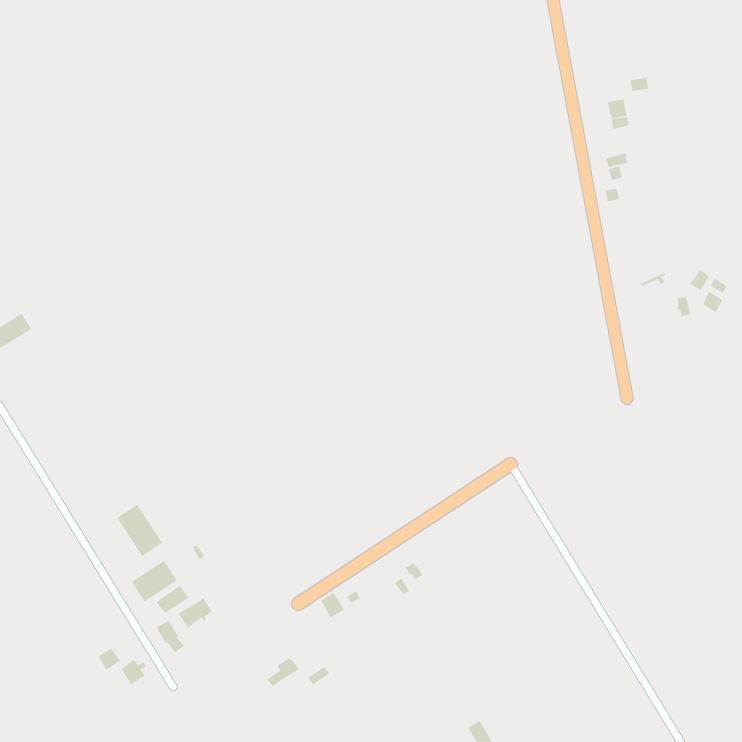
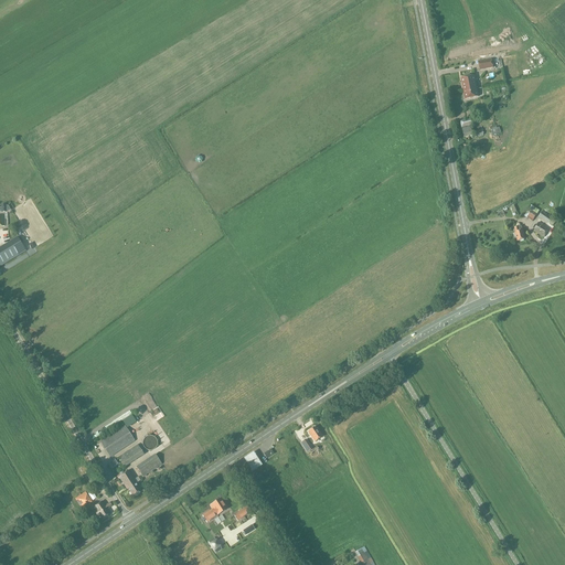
building: [116,504,163,557] -> none

